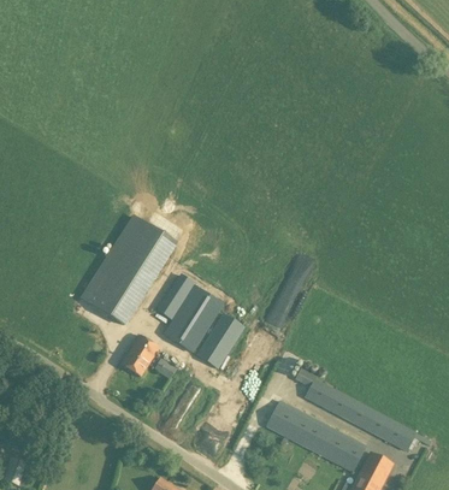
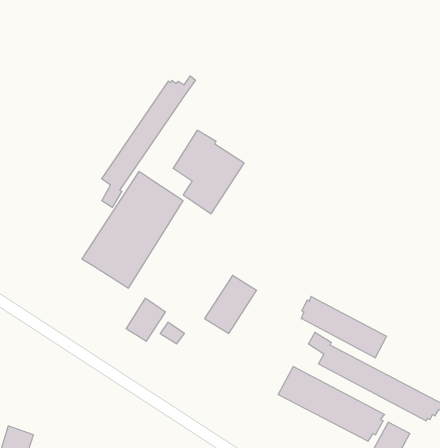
building: none -> [102,76,195,207]
building: [156,273,224,353] -> [173,130,244,214]
building: none -> [301,296,386,358]

